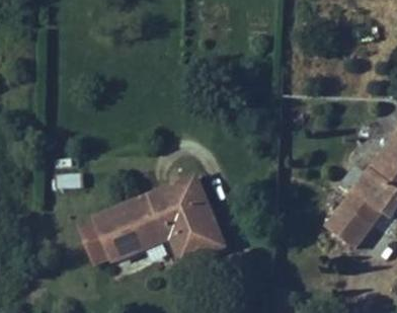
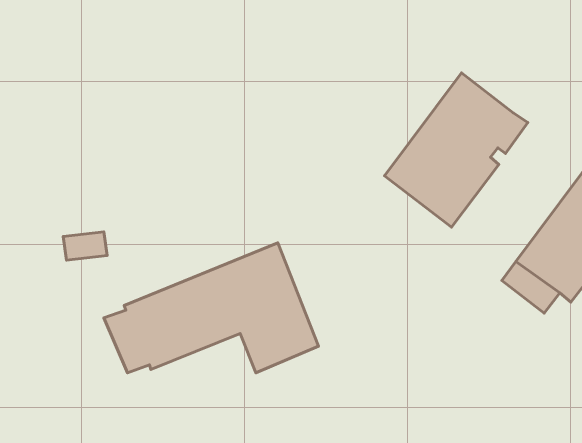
building: none -> [384,73,528,227]
building: [325,202,370,246] -> none

